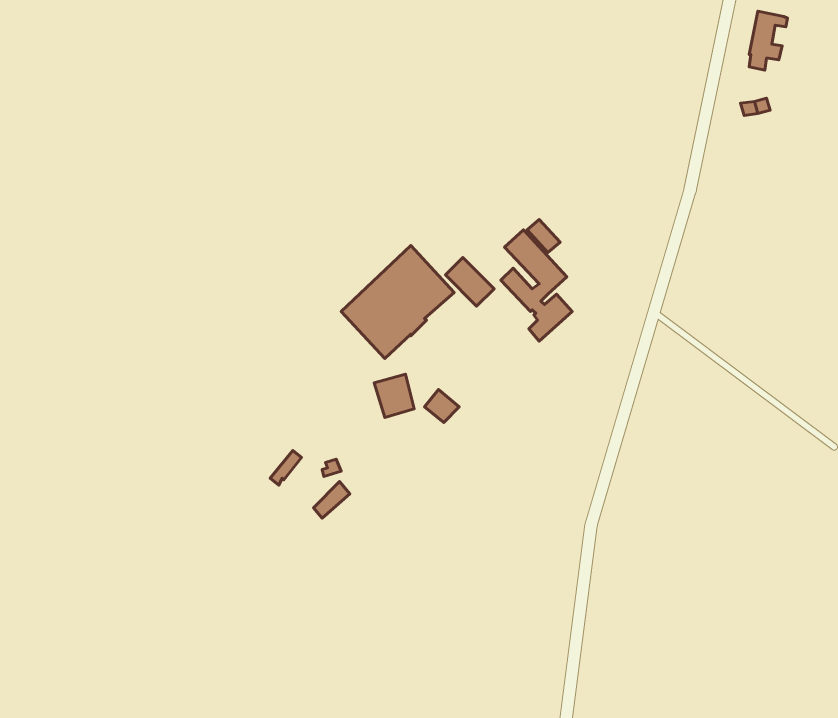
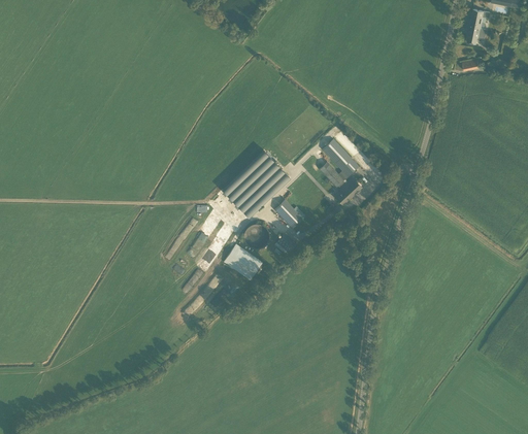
building: [445,257,494,306] -> [272,200,301,229]
building: none -> [221,244,260,280]

